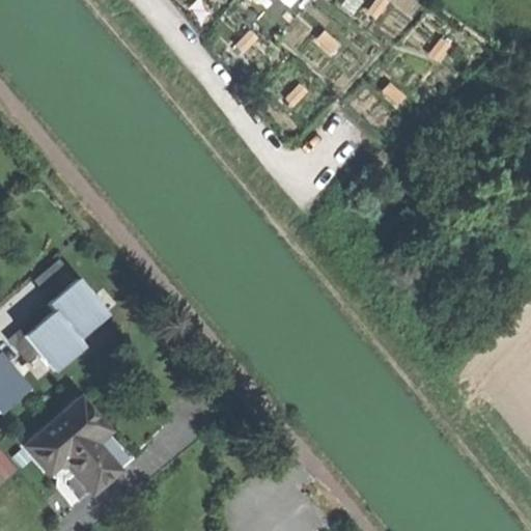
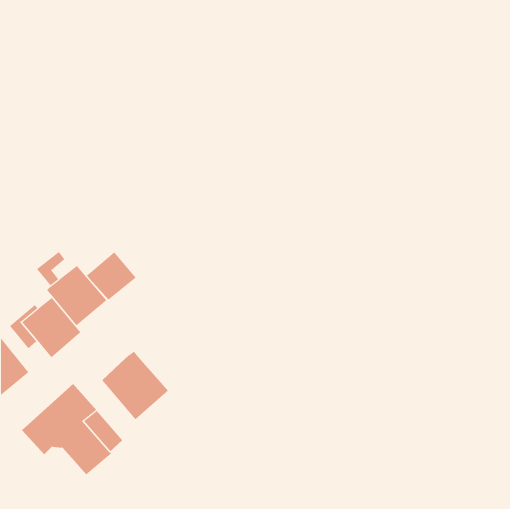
building: none -> [86,251,136,301]
building: none -> [101,351,169,420]

